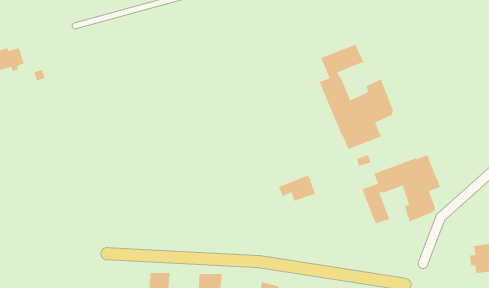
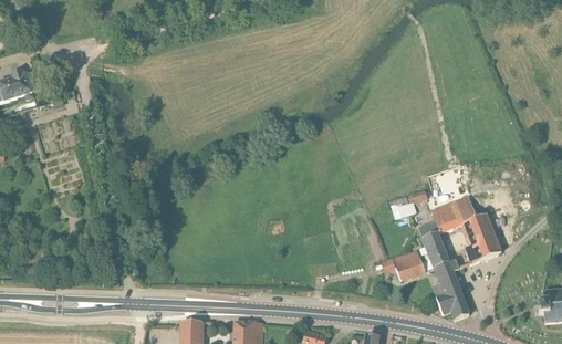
building: [319,44,393,150] -> none
building: [278,175,316,202] -> [379,250,422,280]
building: none -> [433,259,469,320]

